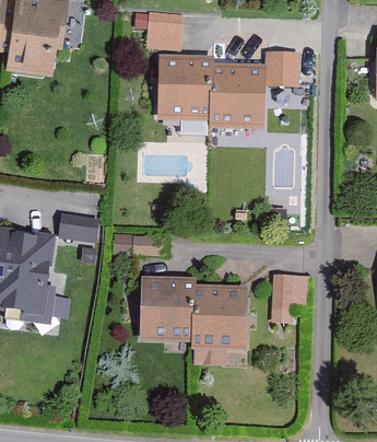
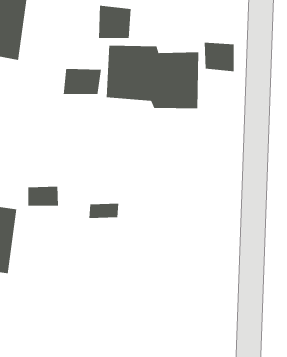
building: none -> [63,68,101,95]
building: [272,276,313,319] -> none
building: [134,277,245,349] -> none

